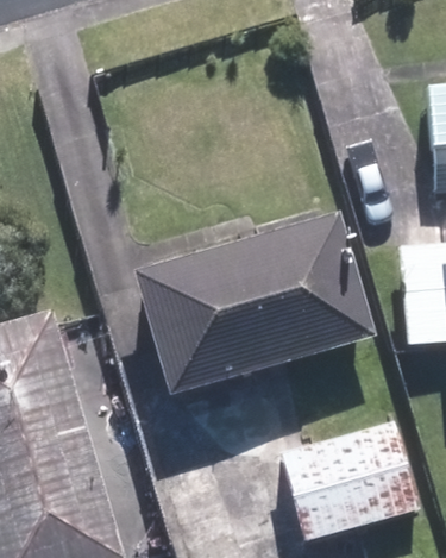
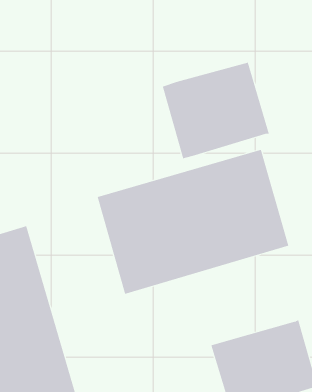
building: none -> [162,62,270,159]

